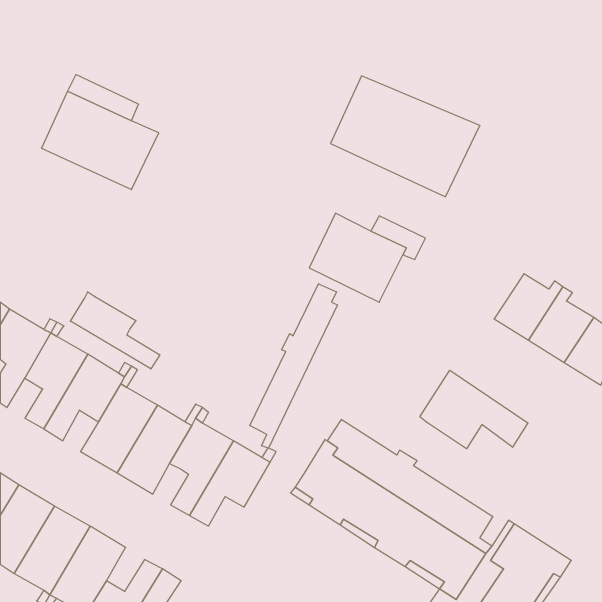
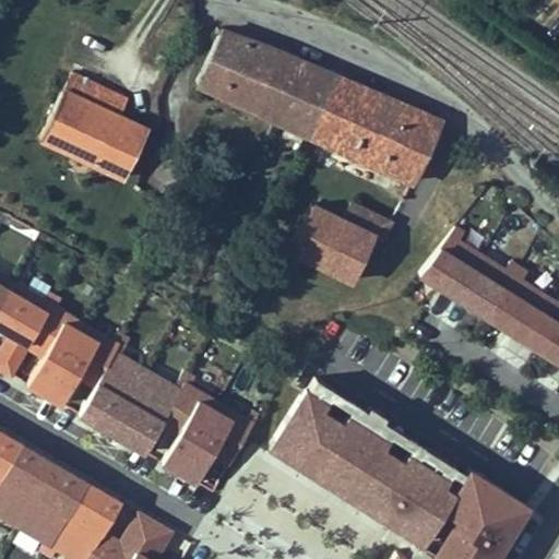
building: none -> [198,27,336,135]
building: none -> [427,227,486,297]
building: [250,284,338,448] -> none
building: [70,292,160,369] -> none
building: [420,370,528,449] -> none

